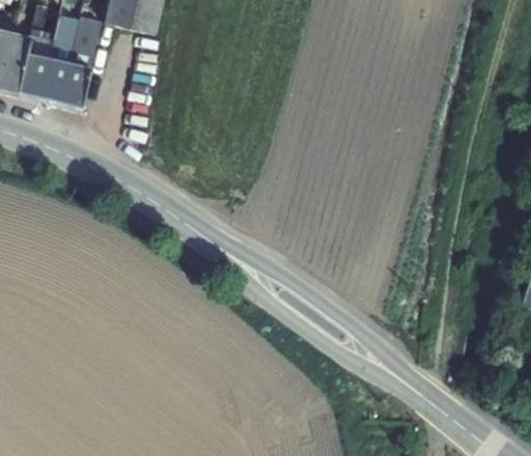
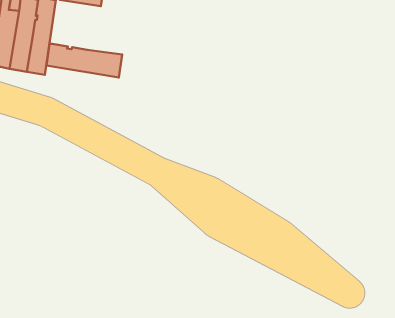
building: none -> [47,44,122,77]

